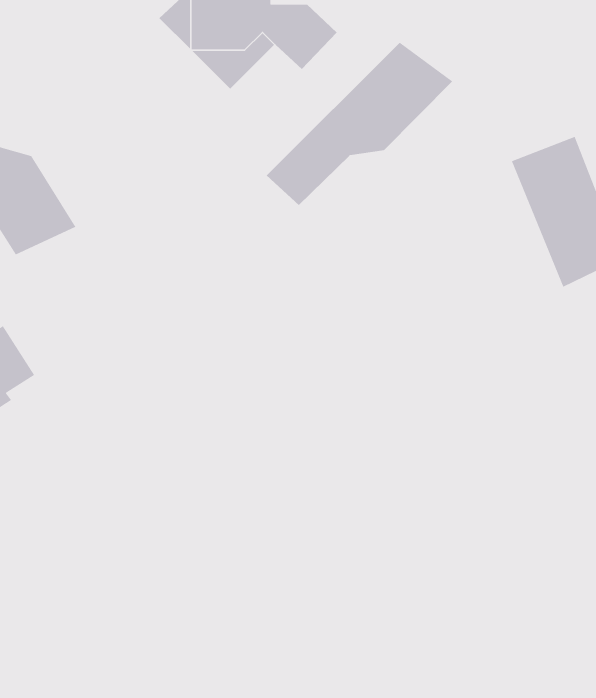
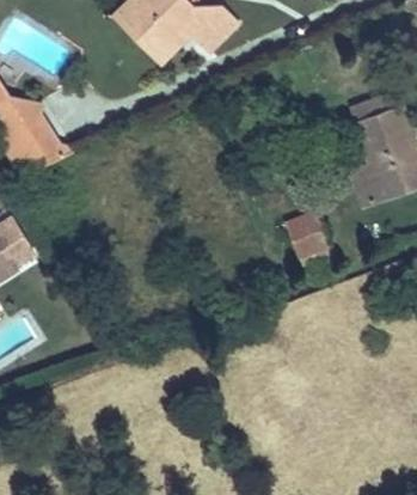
building: [266,42,453,206] -> none
building: none -> [284,212,330,258]

